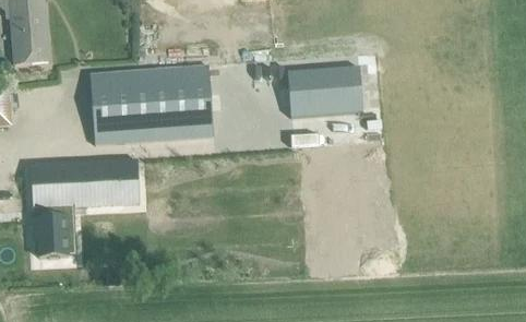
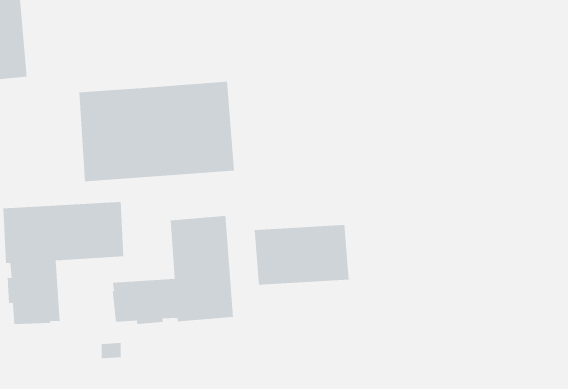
building: [287,69,362,117] -> [254,224,349,285]
building: none -> [112,215,233,325]

